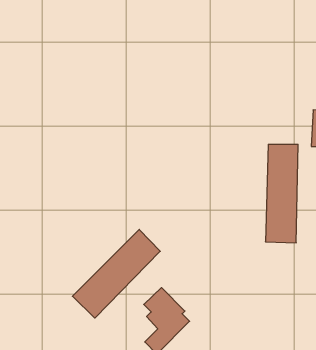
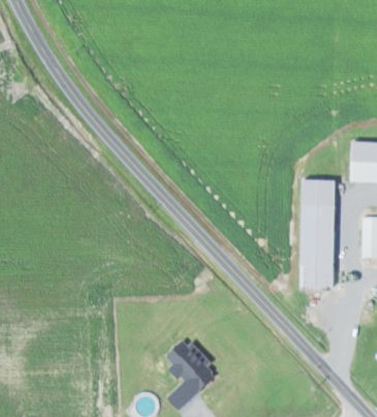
building: [72,229,160,318] -> none

